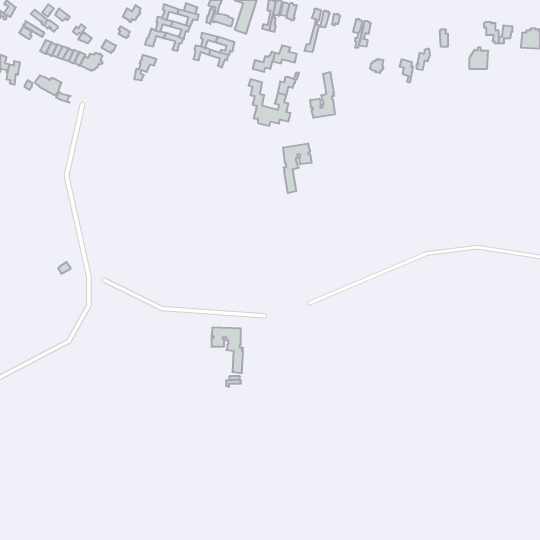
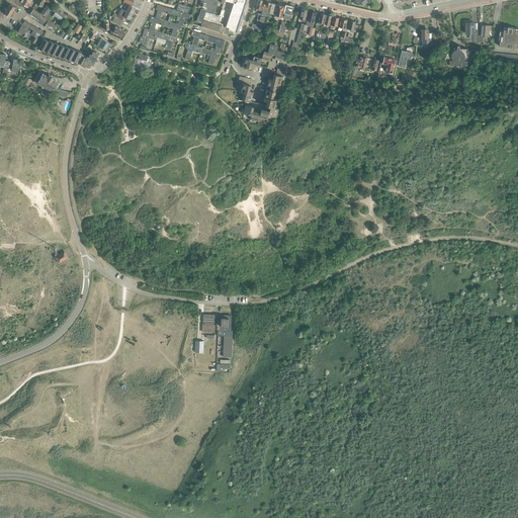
building: [310,72,335,118] -> none
building: [283,143,311,193] -> none

